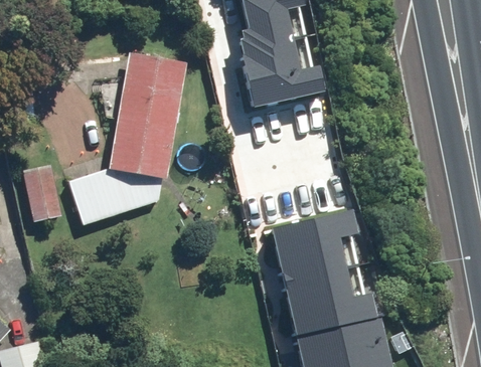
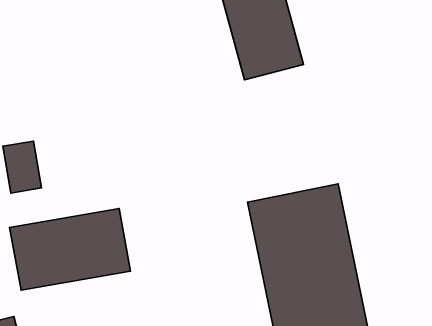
building: [68,50,186,222] -> none
building: none -> [10,208,131,290]

